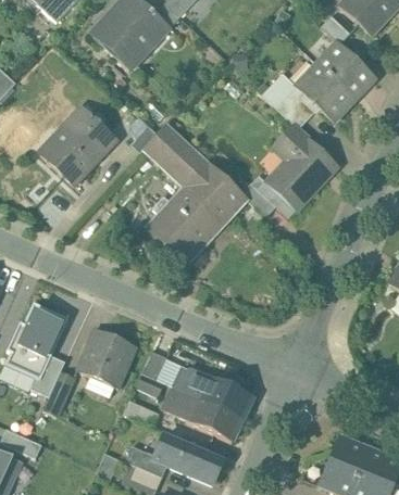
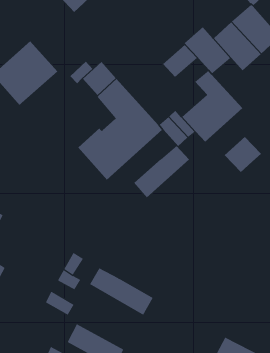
building: none -> [162,44,198,78]
building: none -> [224,136,262,173]
building: none -> [133,145,190,198]
building: [76,328,137,388] -> none
building: [161,385,241,440] -> none

